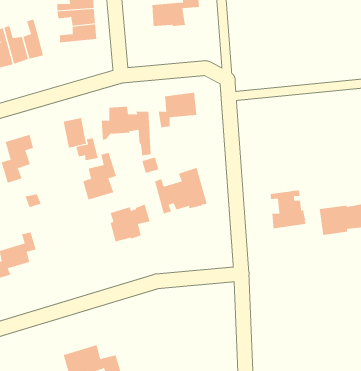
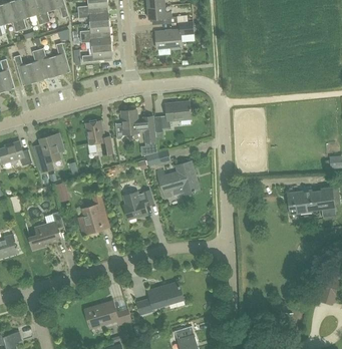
building: [83,152,117,200] -> [78,196,105,234]
building: [270,189,306,229] -> none
building: none -> [136,282,183,314]

